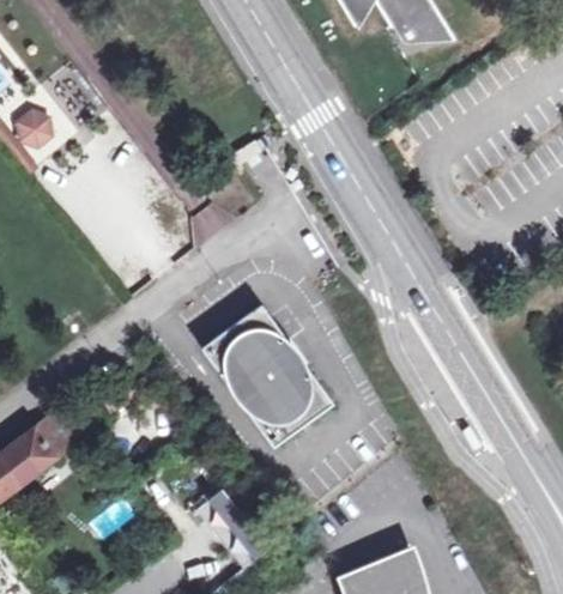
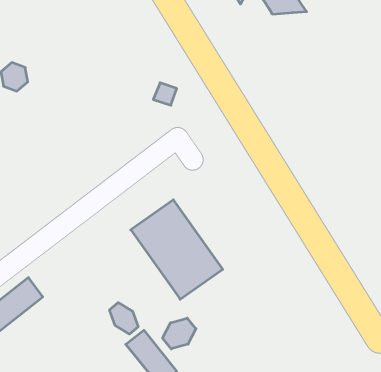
building: none -> [110,303,138,334]
building: none -> [163,318,196,349]

